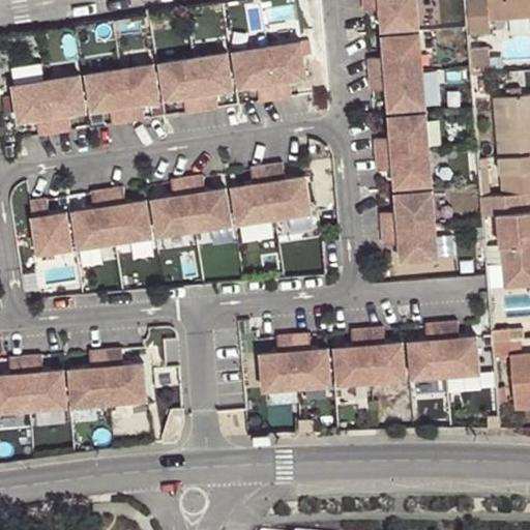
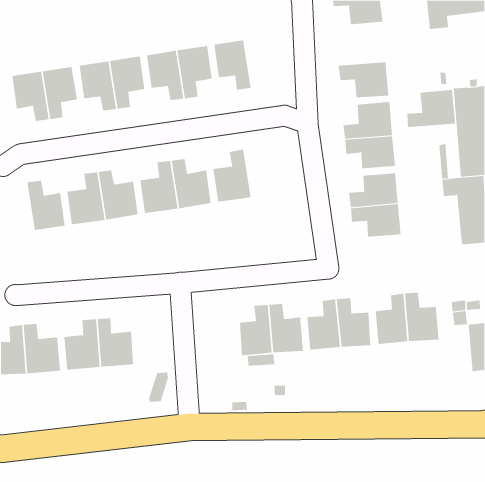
building: [367,33,421,75] -> [406,90,456,128]
building: [266,41,305,99] -> none
building: [266,164,311,218] -> none

